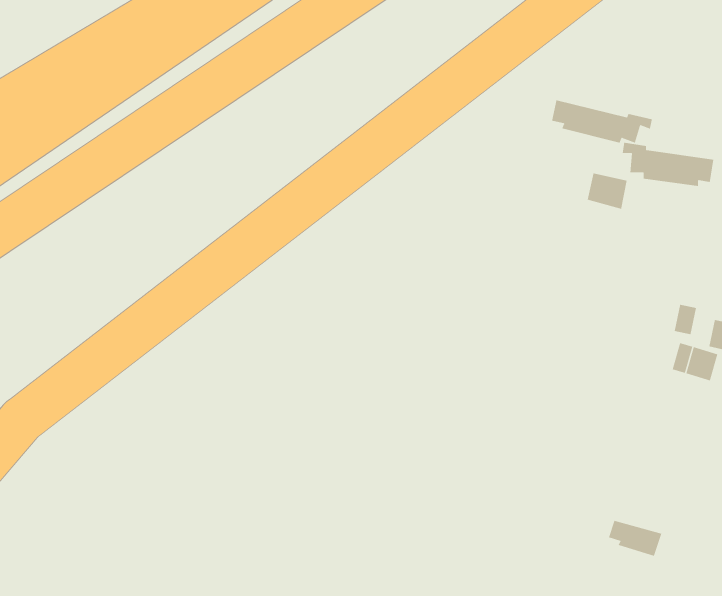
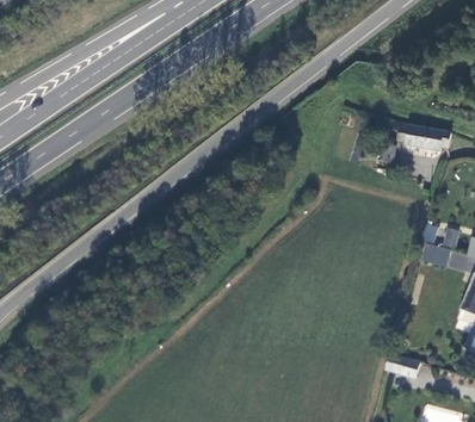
building: [551,99,652,143] -> none

